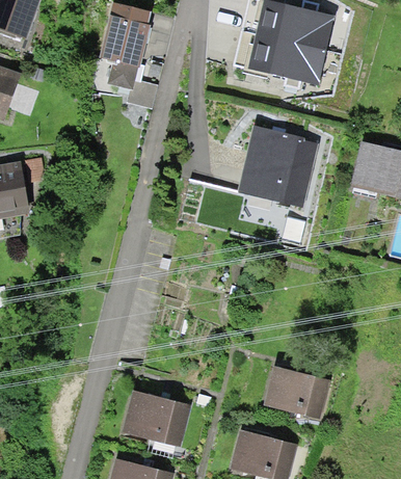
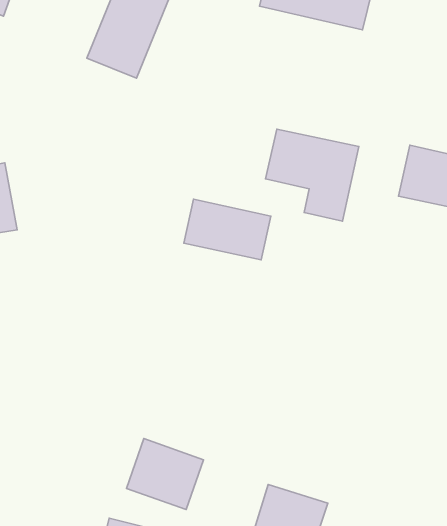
building: [230,28,324,82] -> none
building: none -> [184,199,271,260]
building: [265,370,320,418] -> none

